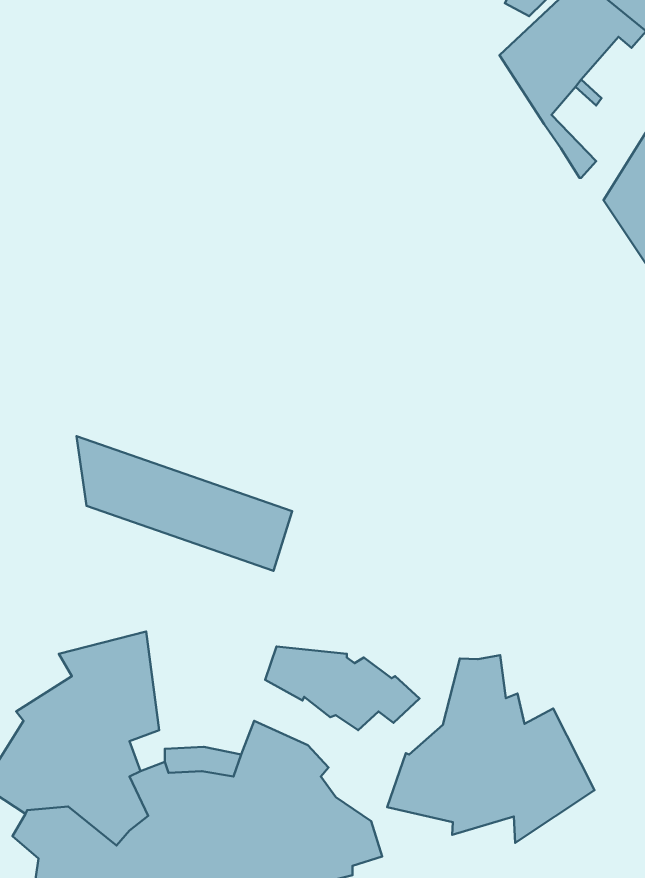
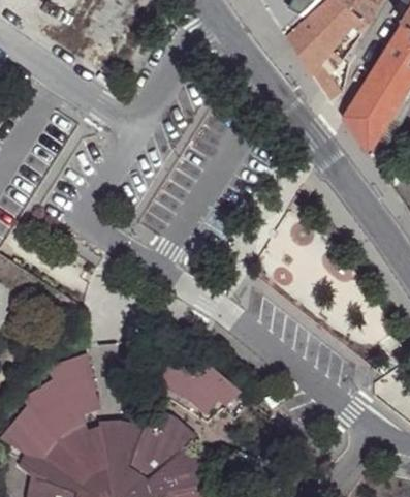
building: [77,436,292,571] -> none
building: [387,655,595,843] -> none

